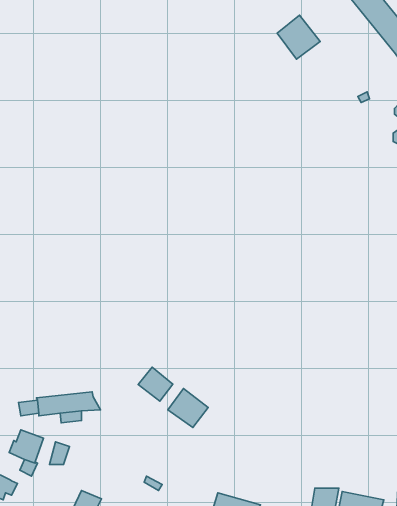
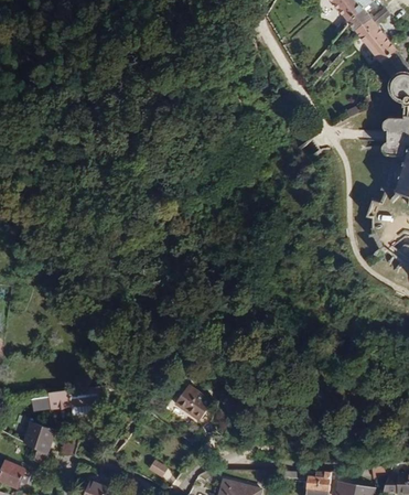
building: [277,15,320,59] -> none
building: [138,367,173,401] -> none

